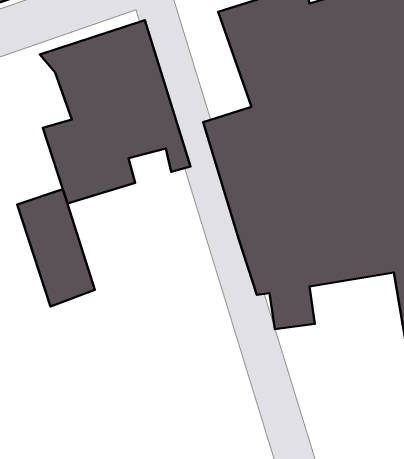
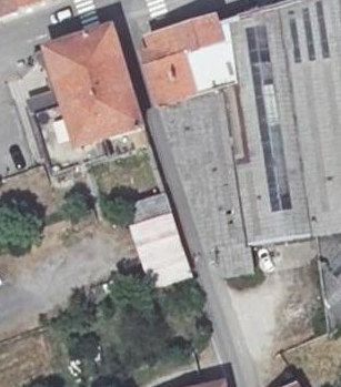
building: none -> [156,18,209,106]
building: [17,189,95,307] -> [127,201,189,295]

